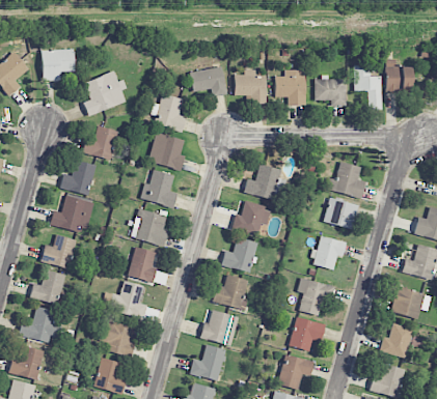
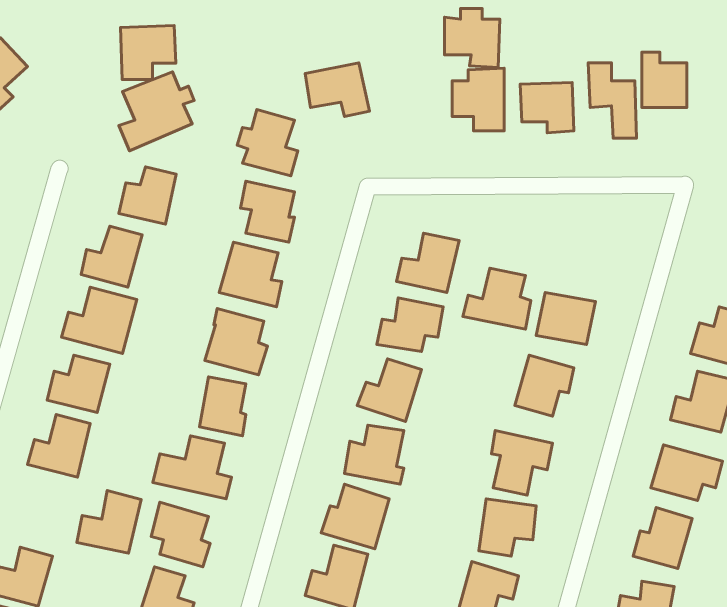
building: [42,49,74,80] -> [120,26,176,79]
building: [235,68,267,103] -> [444,8,500,68]
building: [325,162,364,197] -> [463,268,531,329]
building: [19,306,56,342] -> [77,490,141,553]

